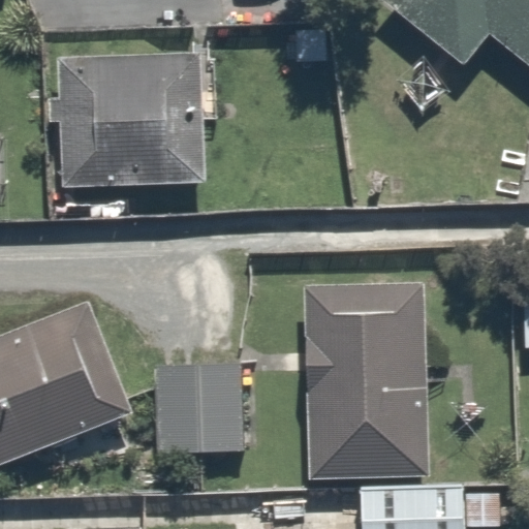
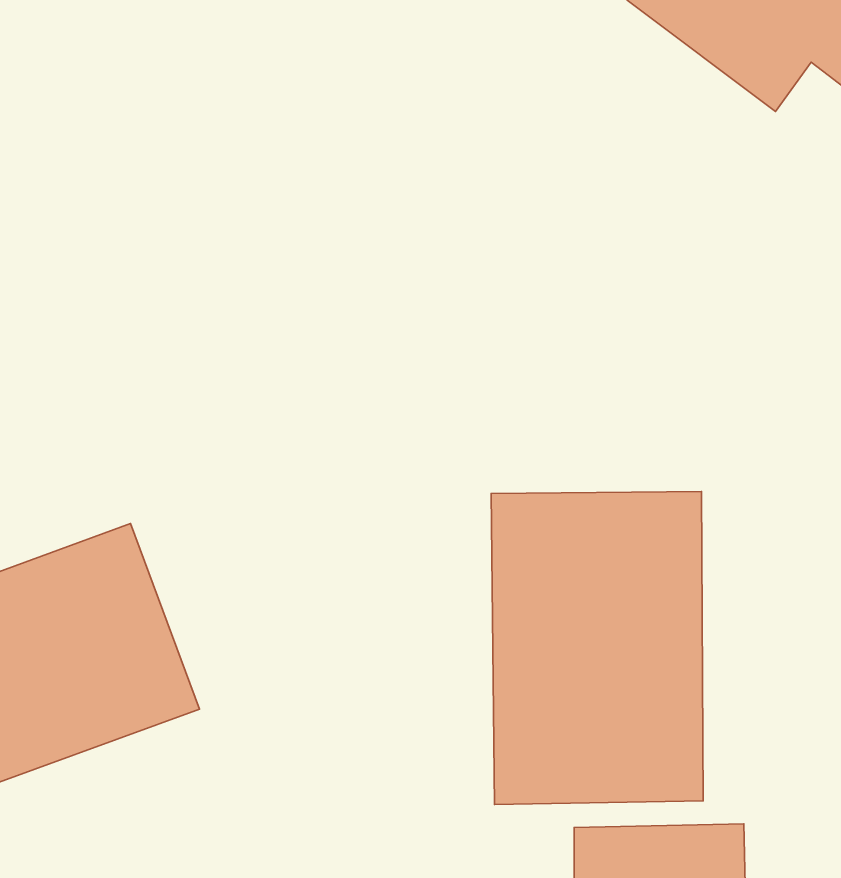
building: [49,65,204,184] -> none
building: [153,367,241,450] -> none

